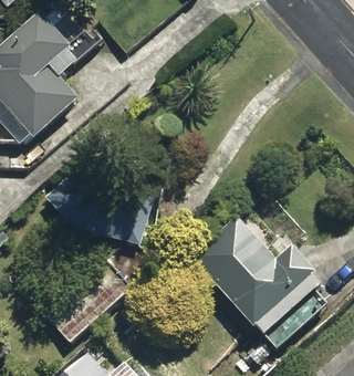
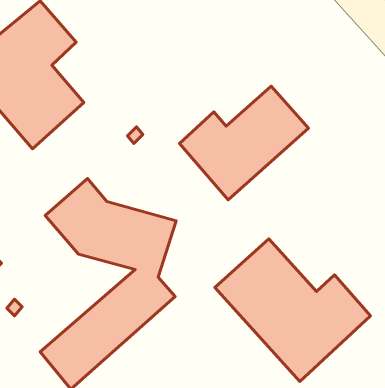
building: none -> [179,86,309,200]

